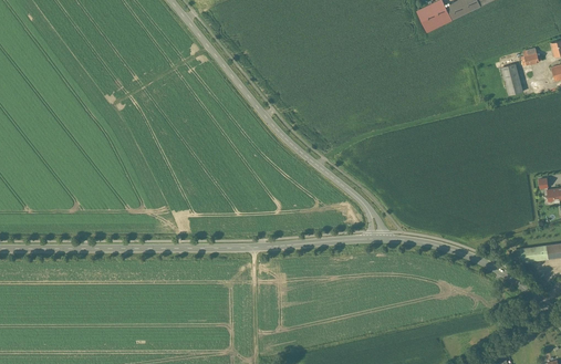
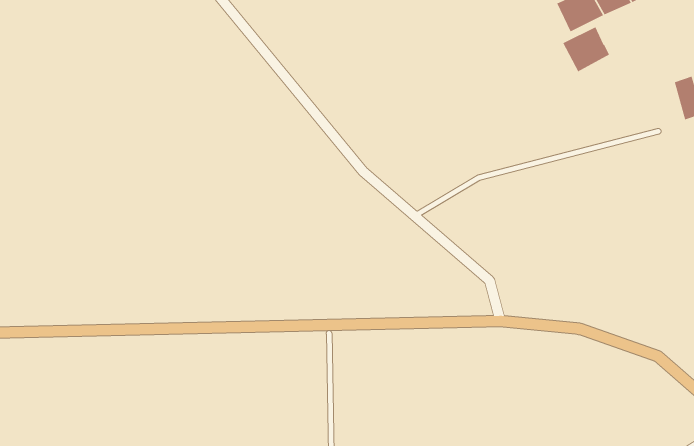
building: none -> [562,26,610,72]

